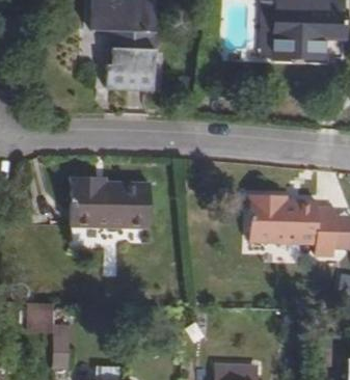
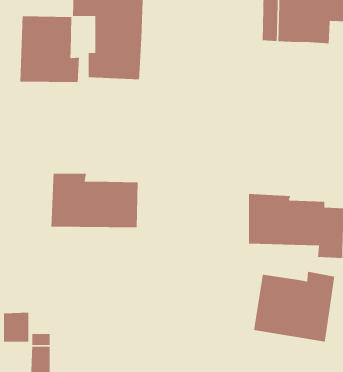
building: none -> [20,15,80,83]
building: none -> [253,271,335,343]

